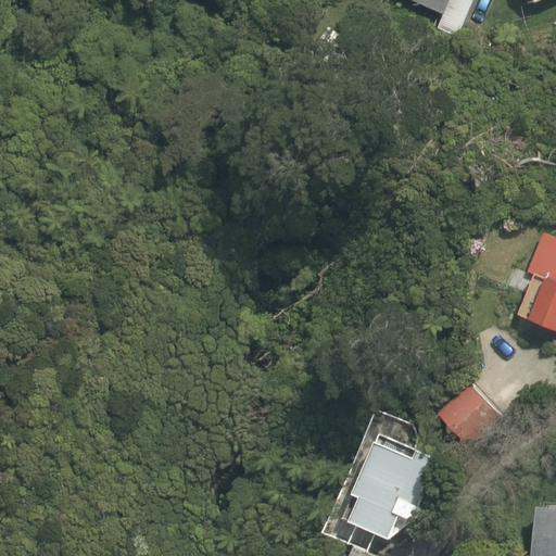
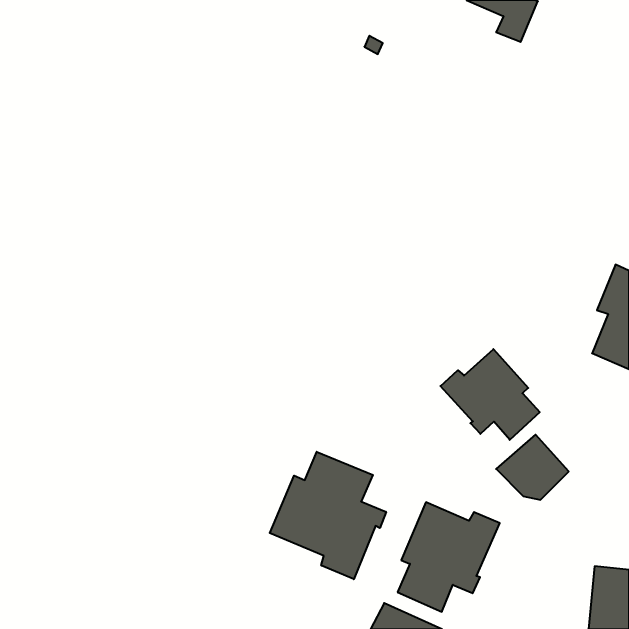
building: none -> [440,349,540,440]
building: none -> [270,452,386,579]

